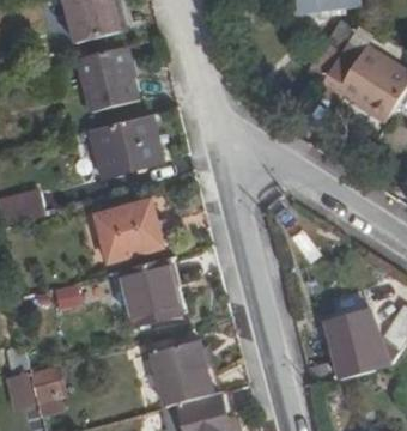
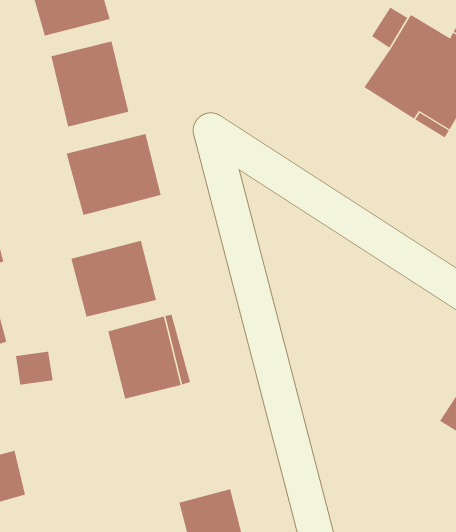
building: [327,316,375,378] -> none
building: [152,339,213,407] -> none

